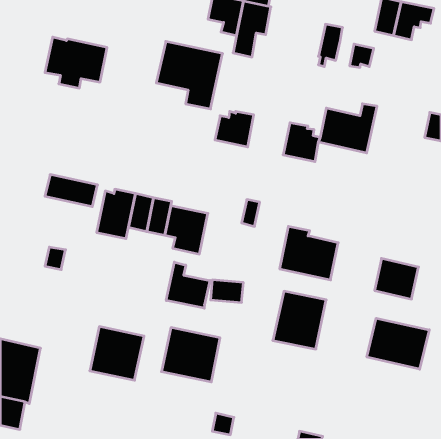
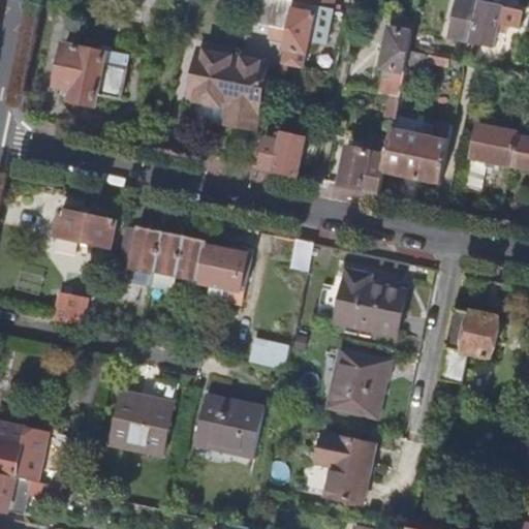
building: none -> [470,124,515,164]
building: [166,262,210,308] -> none
building: [367,318,429,369] -> none
building: none -> [315,433,373,502]

